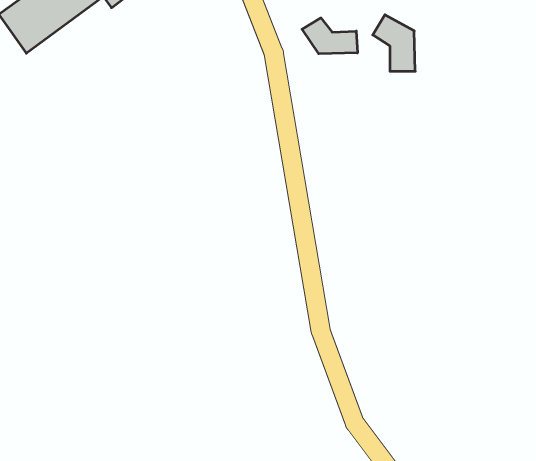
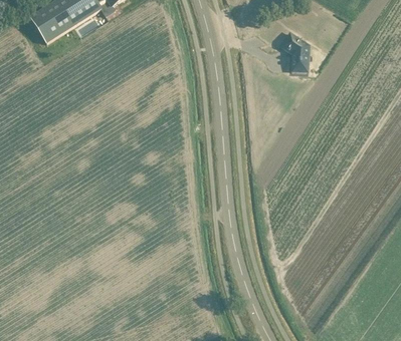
building: [302,18,357,54] -> none

